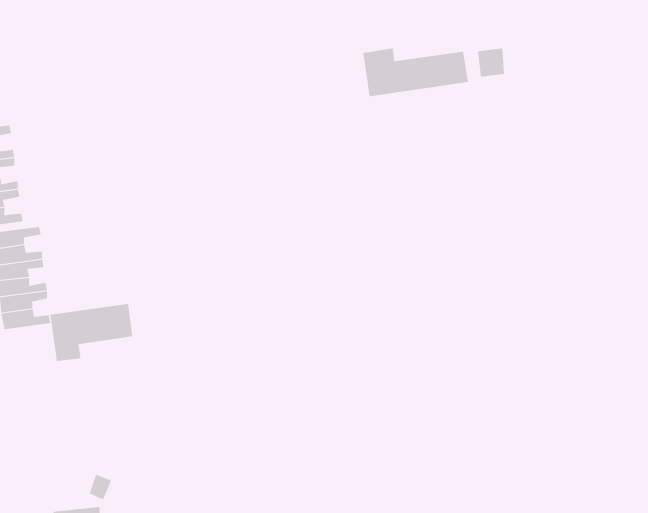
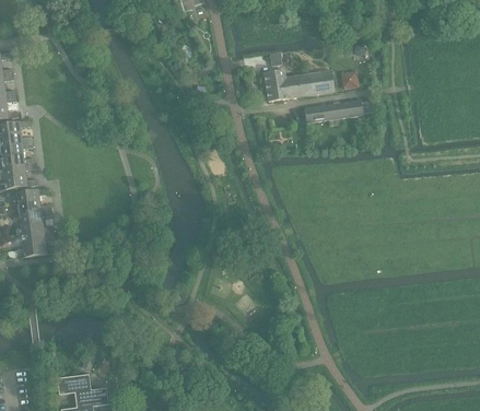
building: none -> [302,99,371,122]
building: [50,303,133,362] -> none

